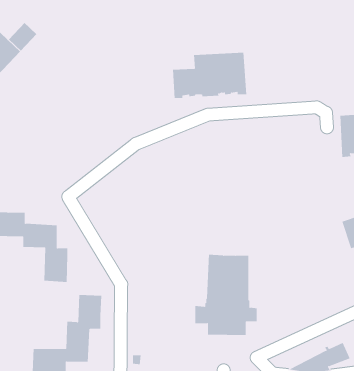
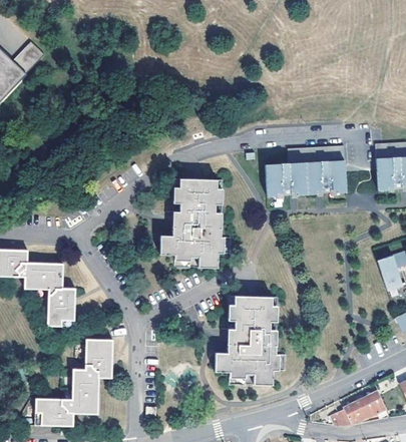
building: [172,52,247,99] -> [267,144,349,195]
building: none -> [159,179,229,269]

